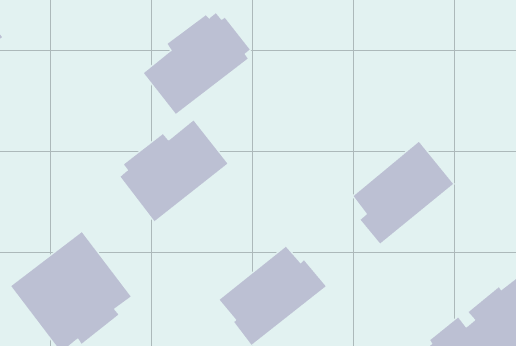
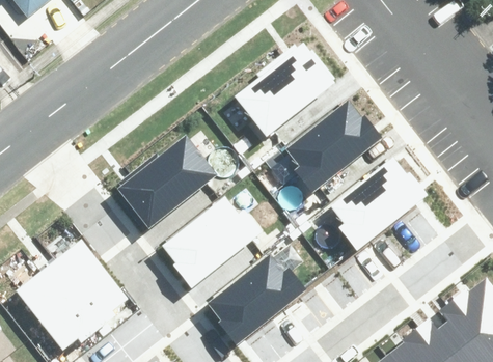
building: [143,12,251,115] -> [237,41,336,136]
building: none -> [286,99,381,194]
building: none -> [160,195,268,288]

